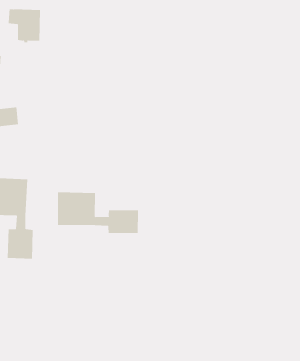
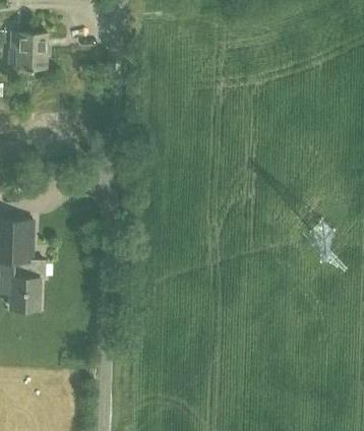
building: [57,192,138,234] -> none

